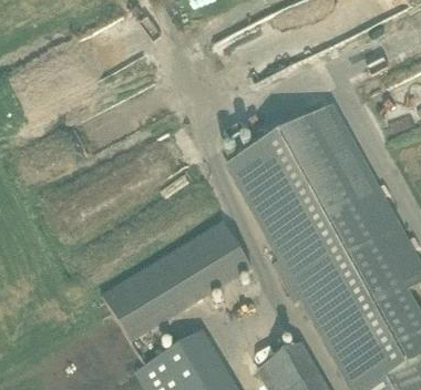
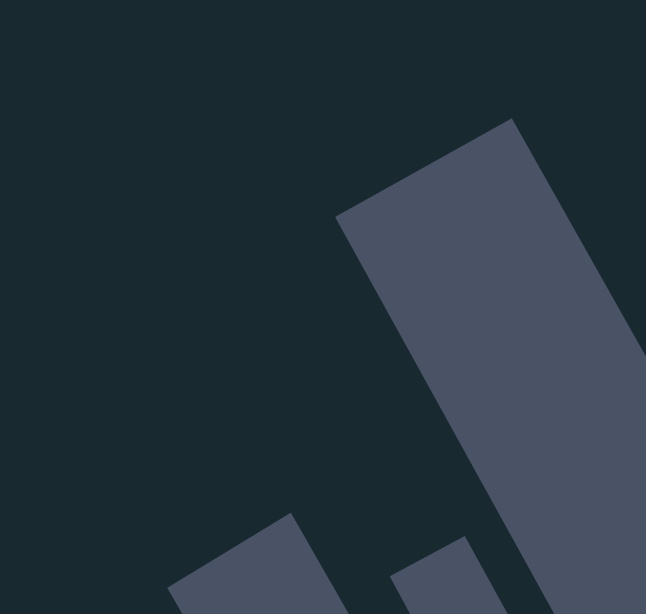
building: [100,218,253,345] -> none

